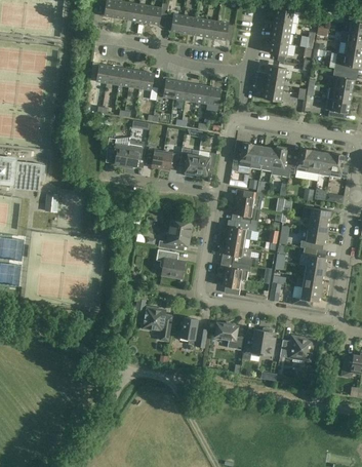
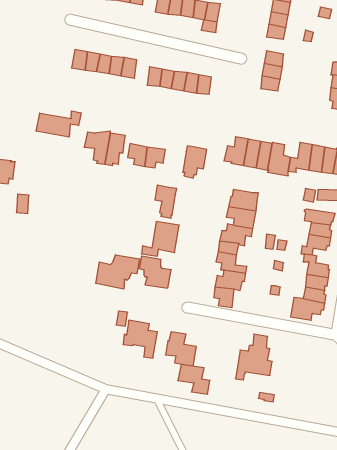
building: none -> [36,111,81,137]
building: [179,147,199,177] -> [155,185,177,218]
building: none -> [96,255,140,289]
building: [214,322,243,349] -> [178,364,210,394]
building: [280,335,314,362] -> none

